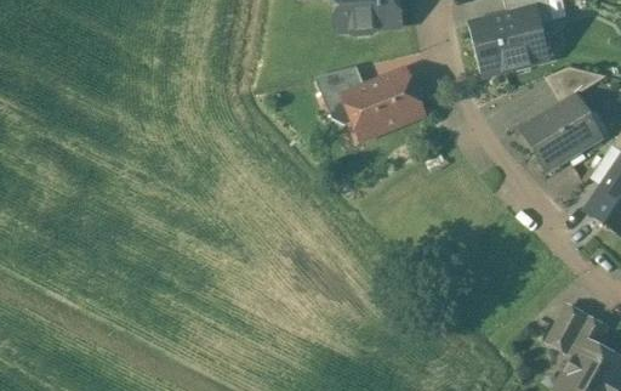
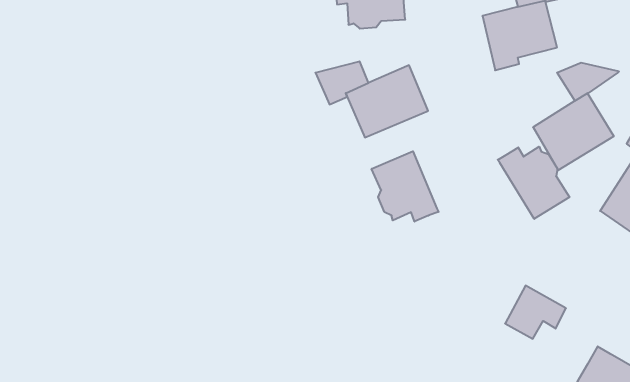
building: none -> [498,147,569,219]
building: none -> [372,151,439,222]
building: [547,306,605,357] -> [505,286,566,339]

